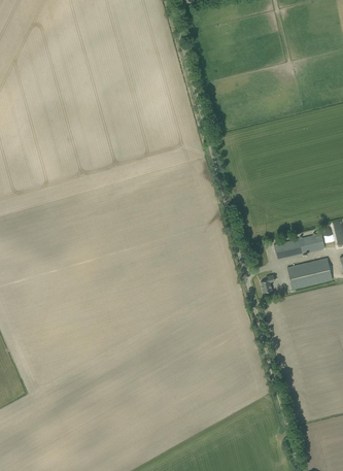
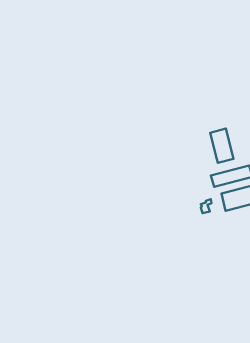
building: none -> [210,129,234,163]

